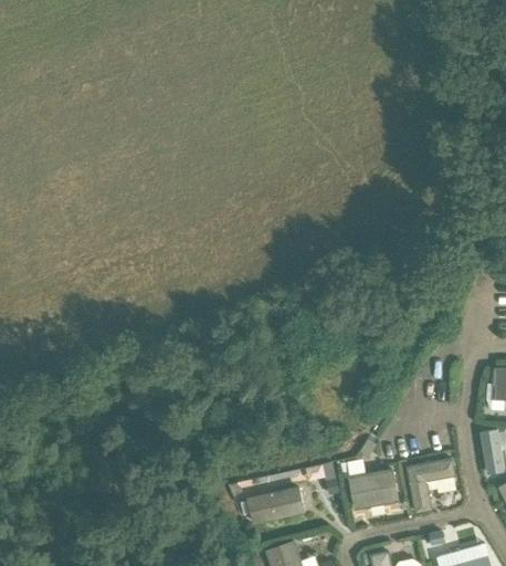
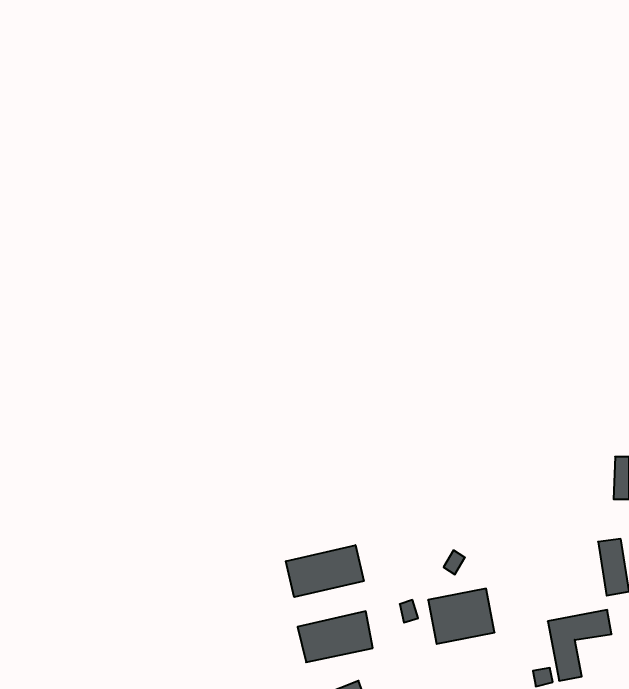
building: none -> [286,545,364,597]
building: [405,458,455,513] -> [548,610,612,681]

